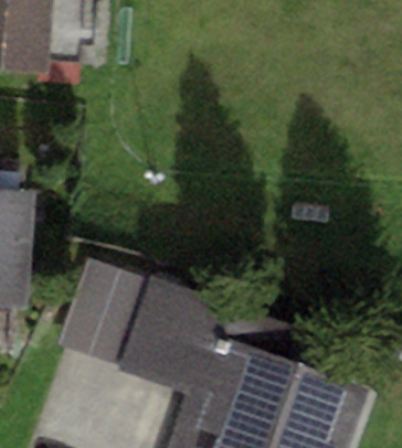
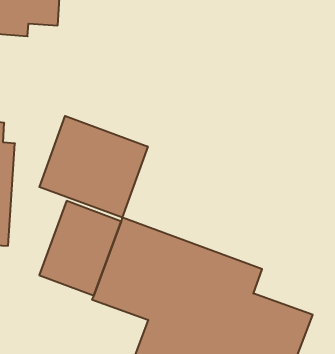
building: none -> [39,116,148,218]

